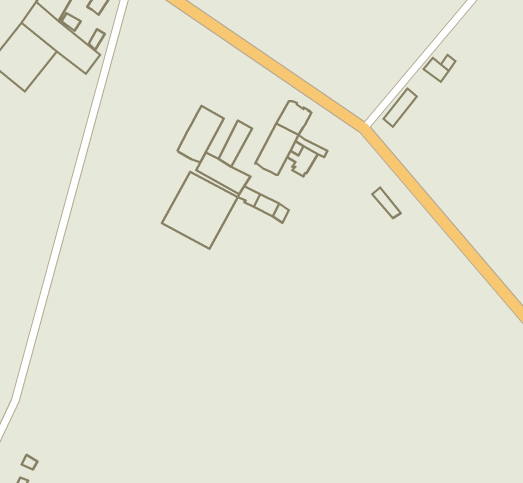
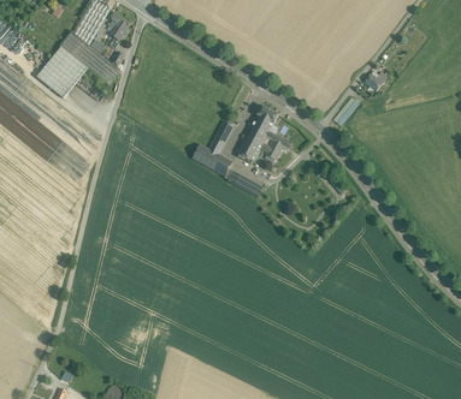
building: [177,106,224,163] -> none
building: [162,172,238,249] -> none

